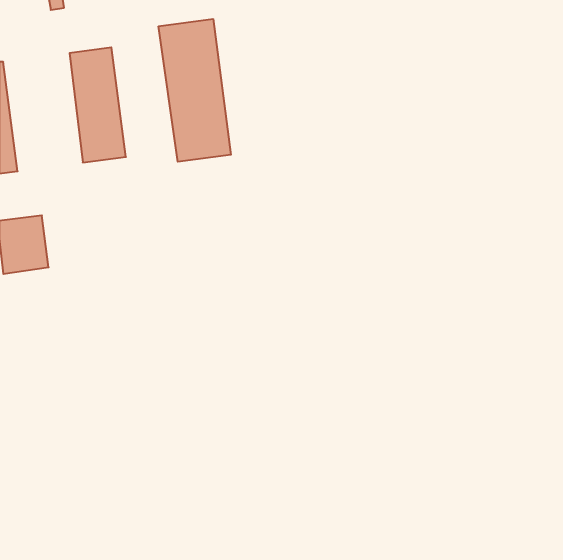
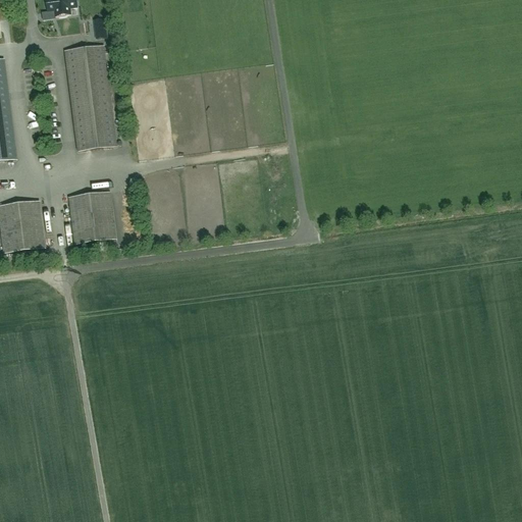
building: [159,19,231,162] -> none
building: none -> [68,190,115,243]

